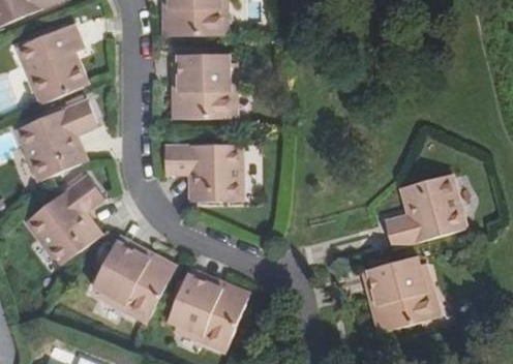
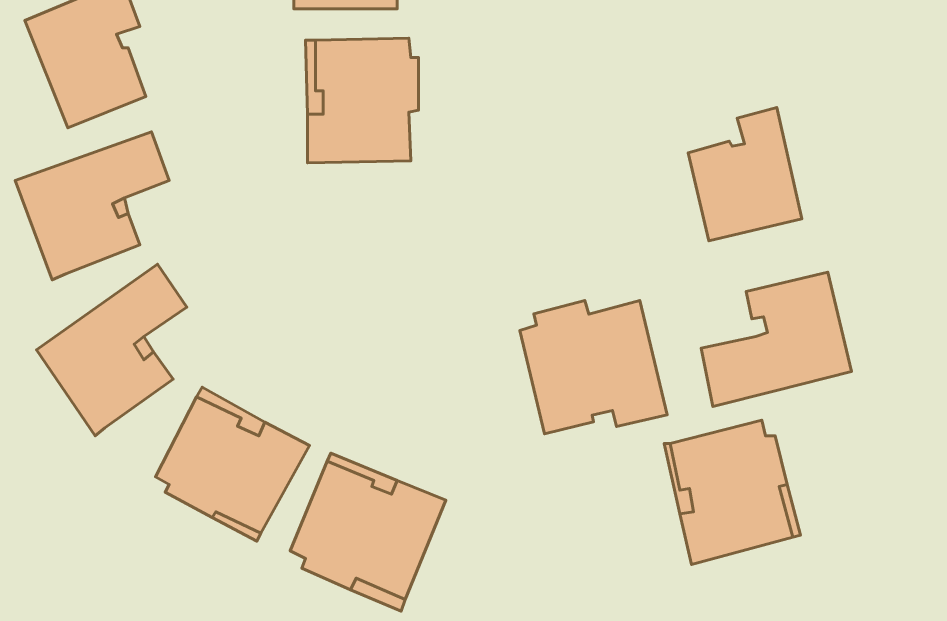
building: none -> [688,108,802,241]
building: [168,144,243,201] -> none
building: none -> [520,300,667,434]

